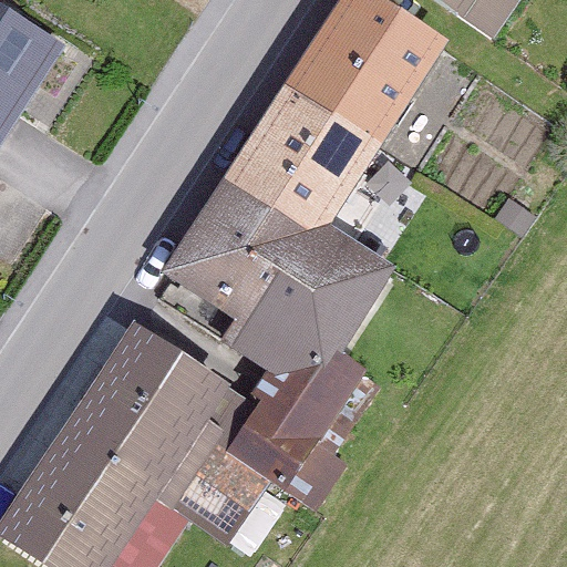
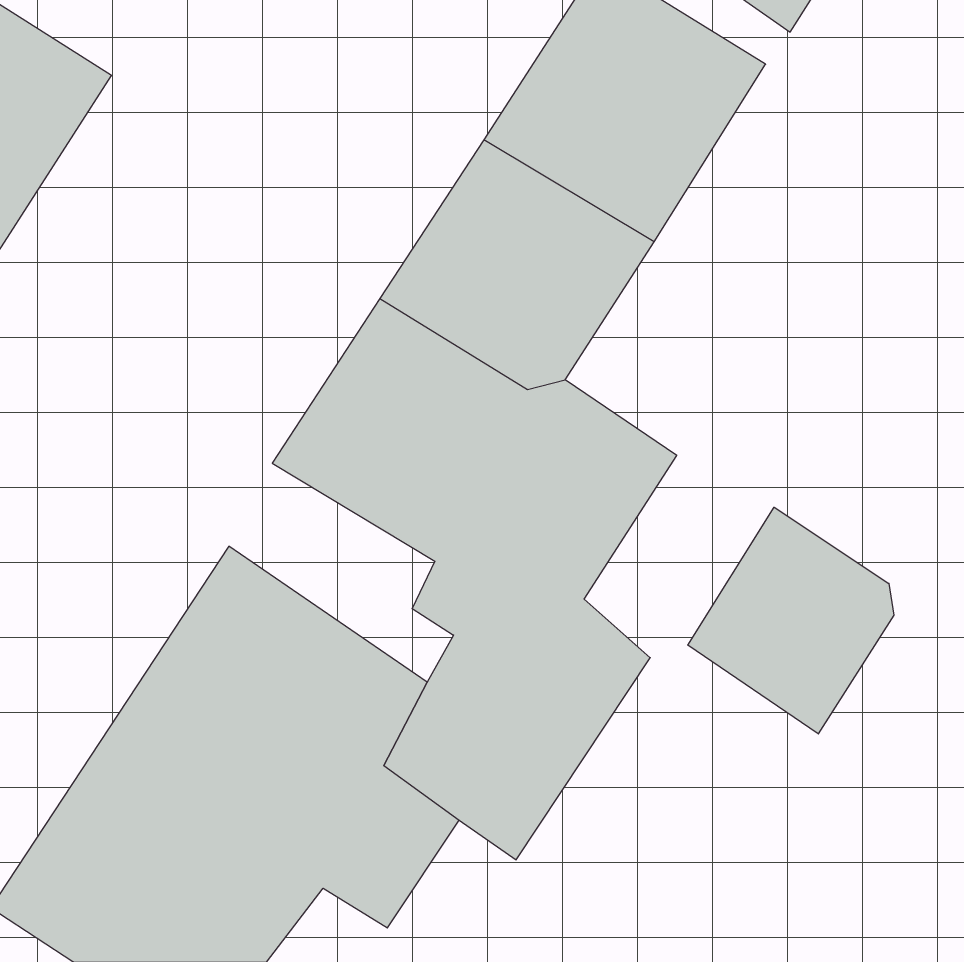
building: none -> [688,507,894,734]

